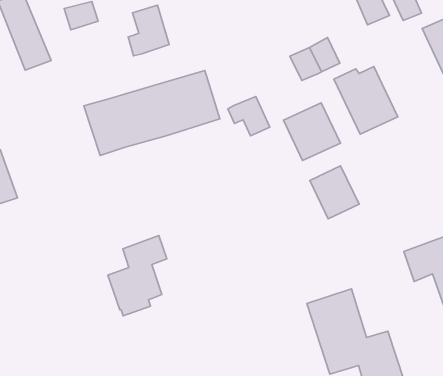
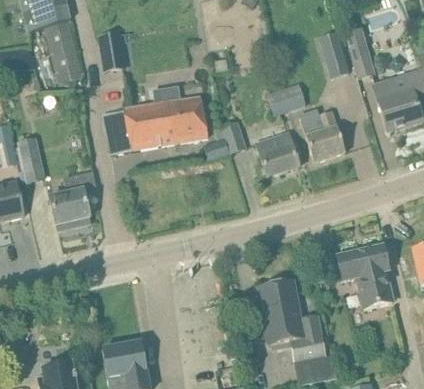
building: [128,5,169,56] -> none
building: [310,166,359,219] -> none
building: [108,235,167,316] -> [49,170,96,229]

